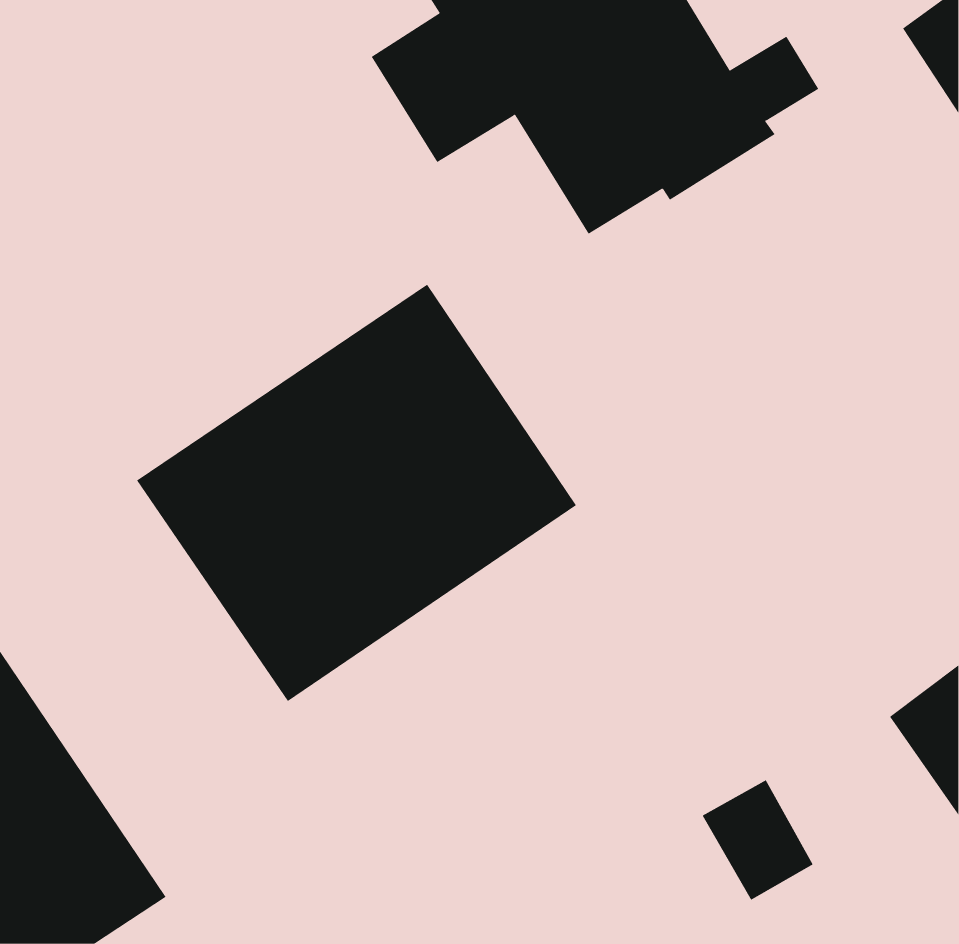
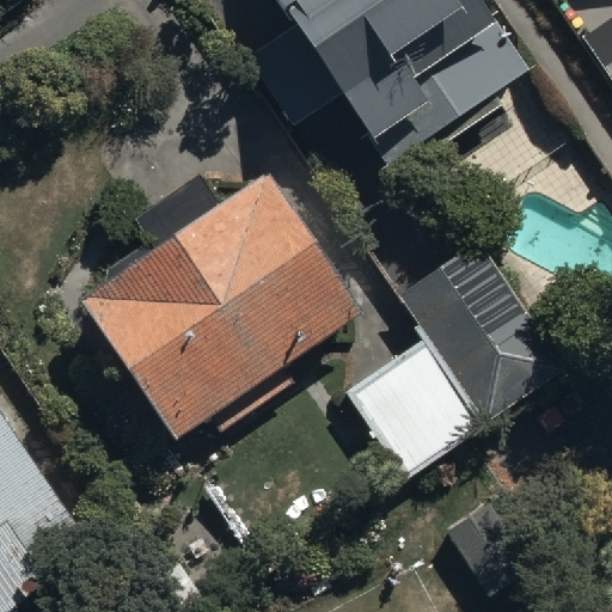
building: none -> [341,226,557,465]

